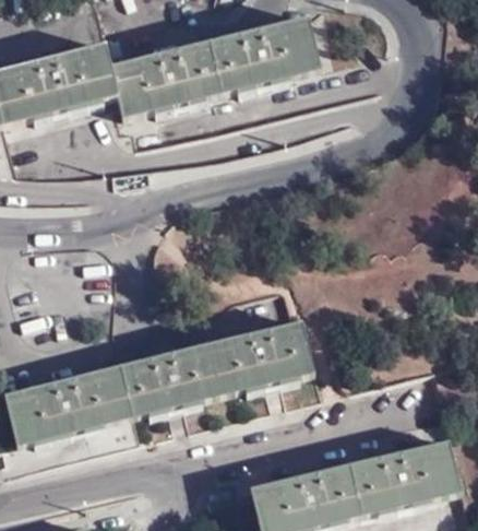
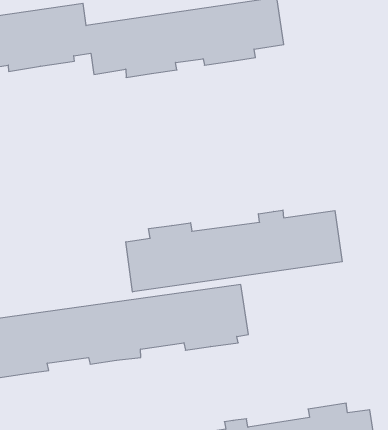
building: none -> [126,210,342,292]

